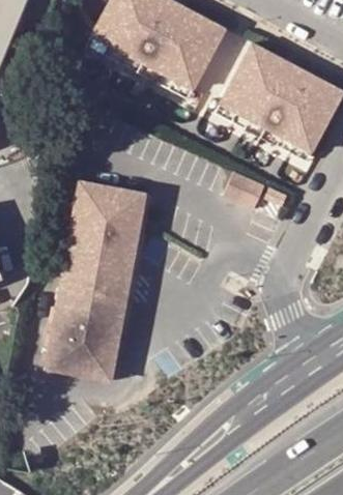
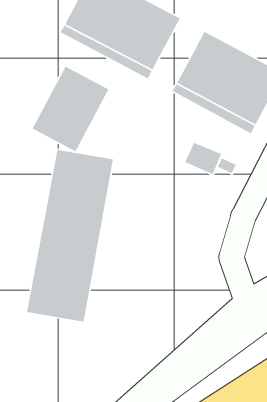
building: none -> [32,66,110,152]

